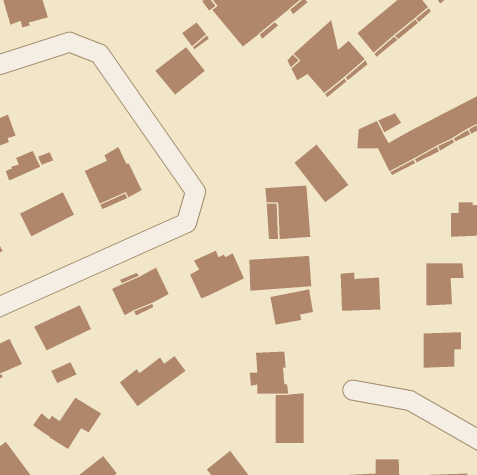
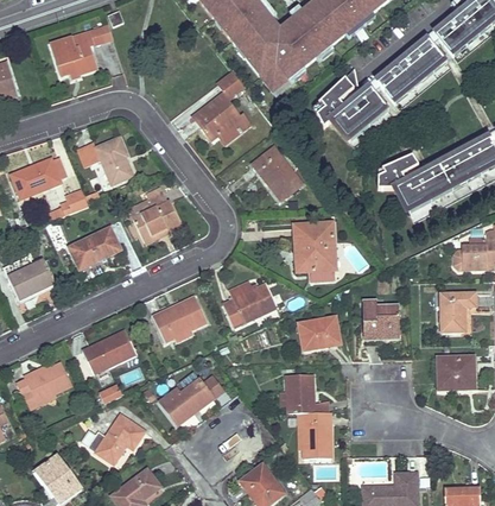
building: none -> [84,137,133,183]
building: [294,143,349,203] -> [252,145,303,200]
building: [249,255,312,291] -> none

